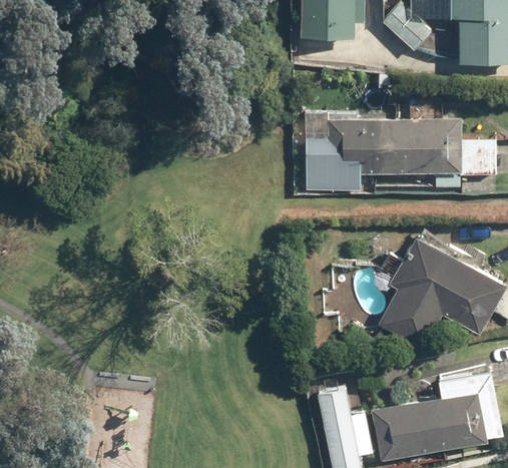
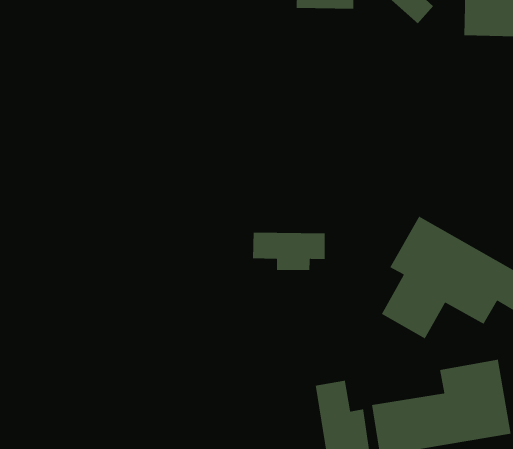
building: [300,117,497,190] -> none
building: none -> [252,232,326,271]

